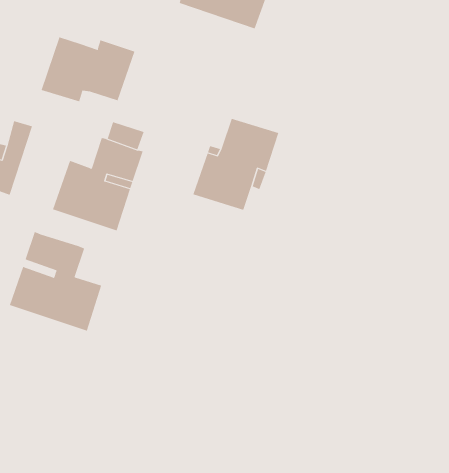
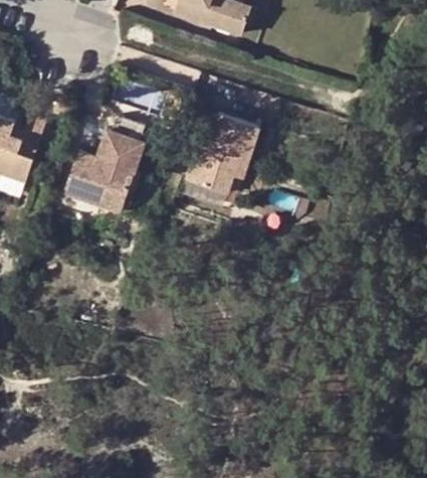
building: [41,37,135,102] -> none
building: [9,231,102,331] -> none

